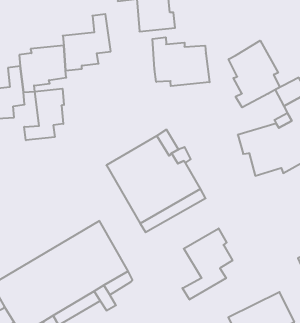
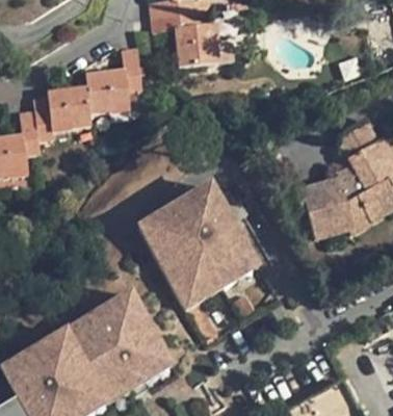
building: [152,37,210,86] -> none
building: [229,41,280,107] -> none
building: [24,89,64,140] -> none
building: [182,228,232,300] -> none

